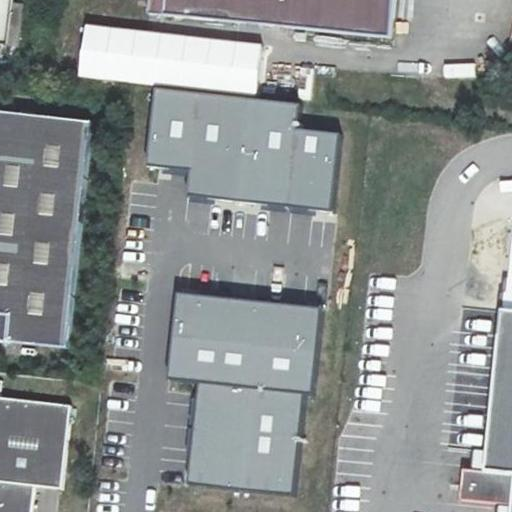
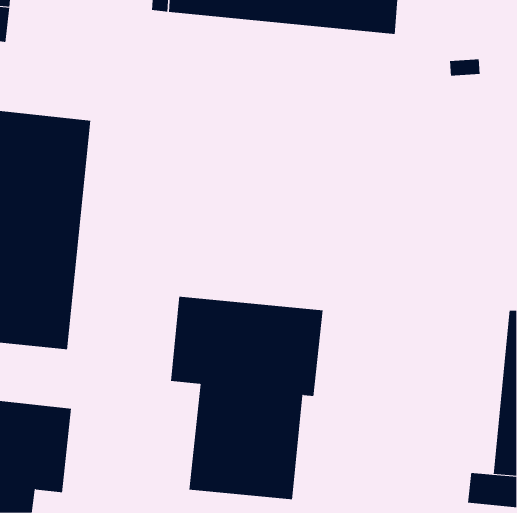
building: [78,25,255,93] -> none
building: [147,90,334,205] -> none

